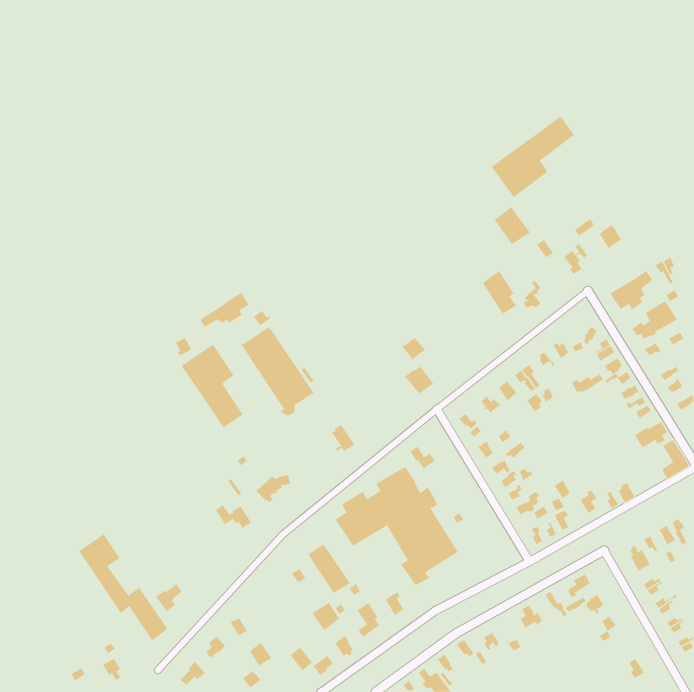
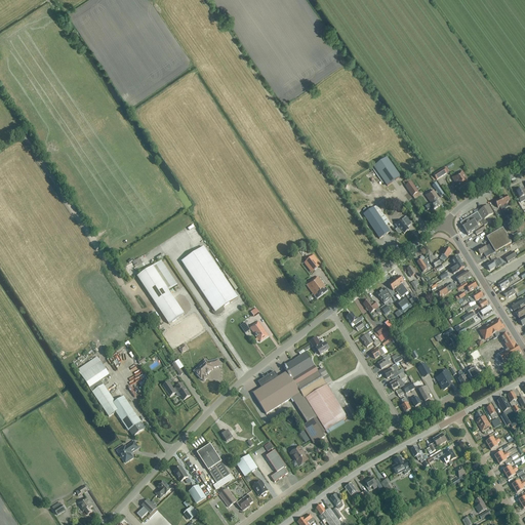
building: [491,116,575,198] -> none
building: [200,292,249,328] -> none
building: [78,534,168,641] -> [77,355,145,436]
building: [307,544,351,594] -> [196,443,229,481]

